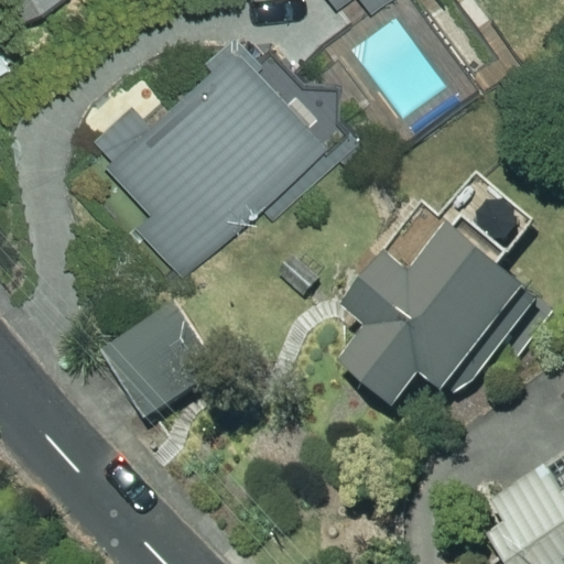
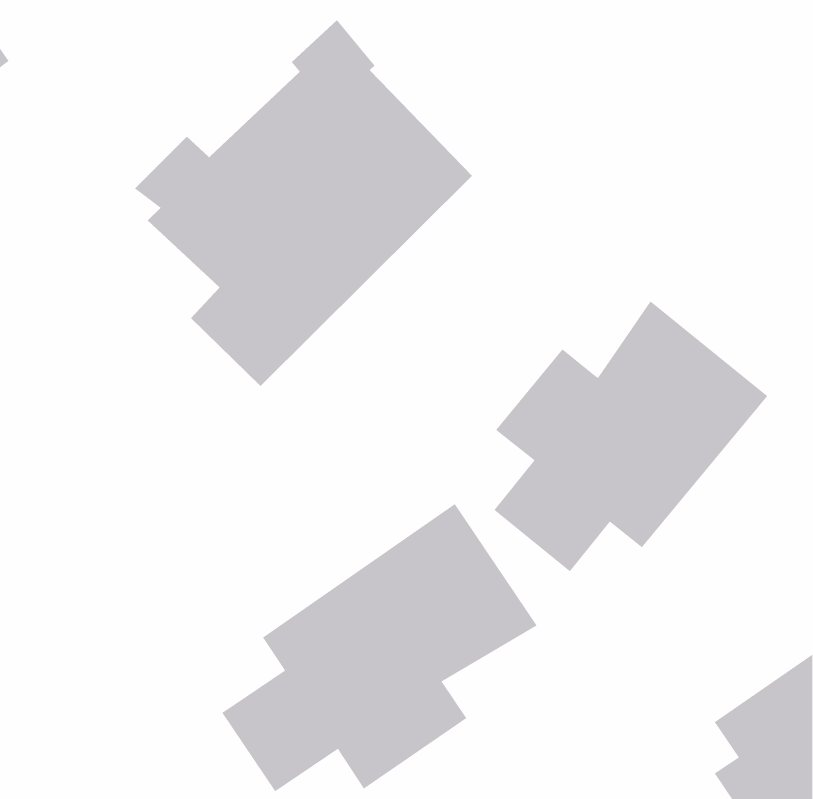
building: [102,307,223,425] -> none
building: none -> [221,503,538,792]

